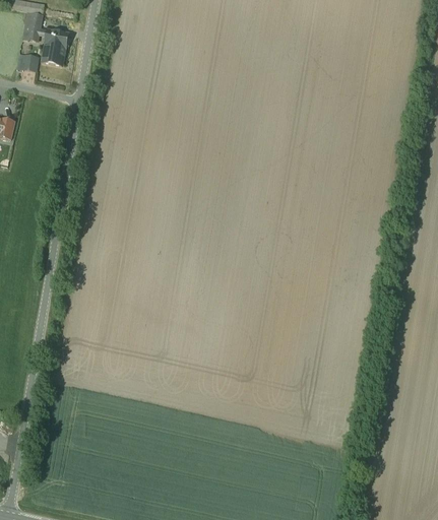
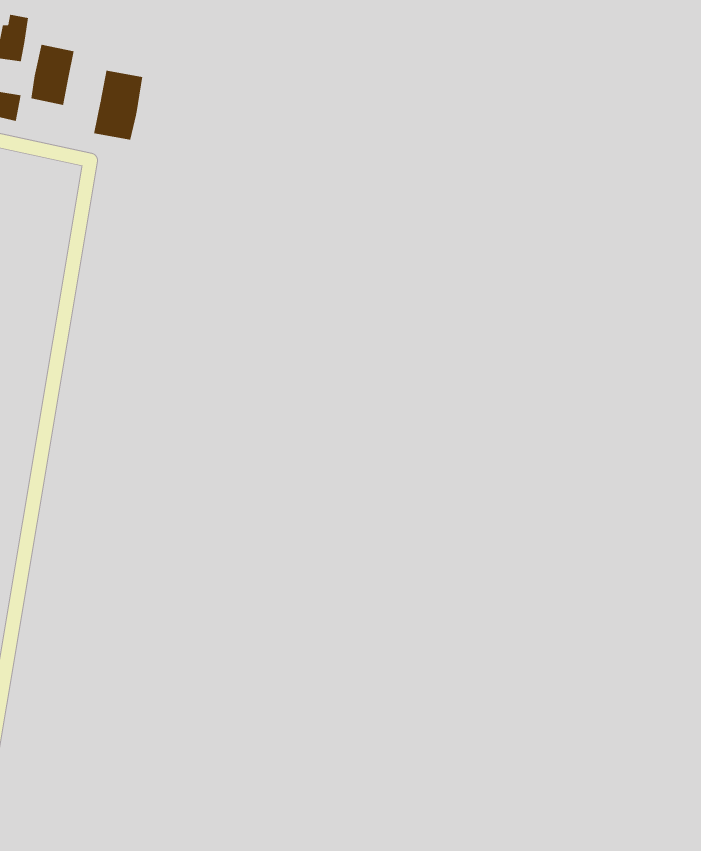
building: none -> [94,70,143,140]

